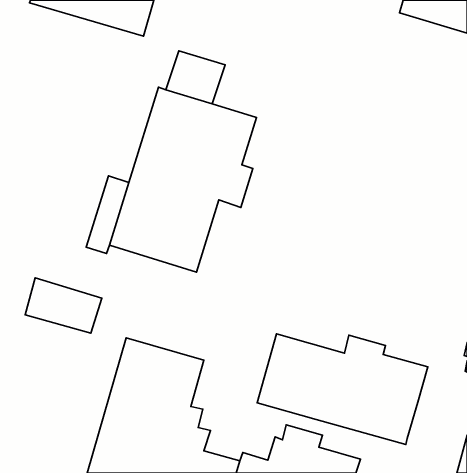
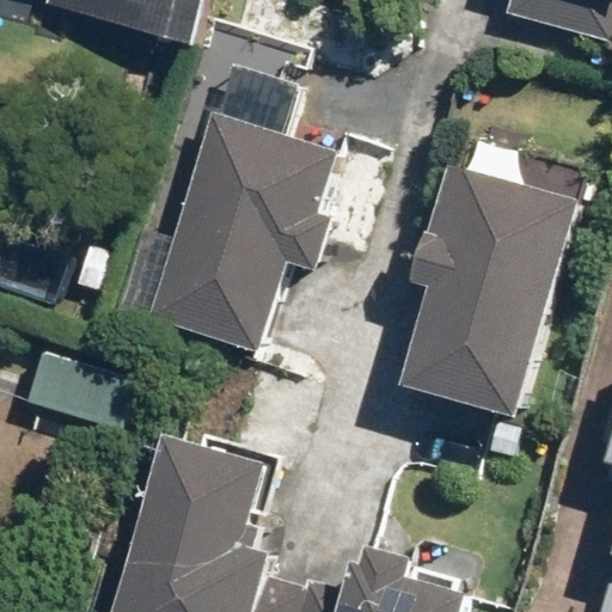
building: none -> [406,165,579,417]
building: [257,334,428,445] -> none

